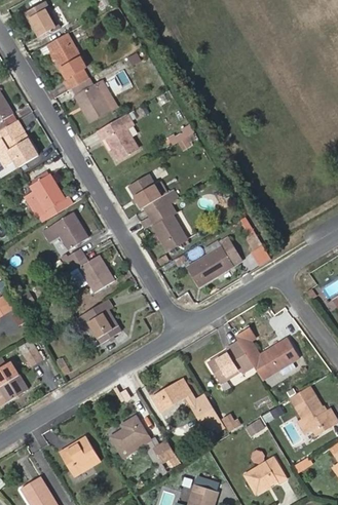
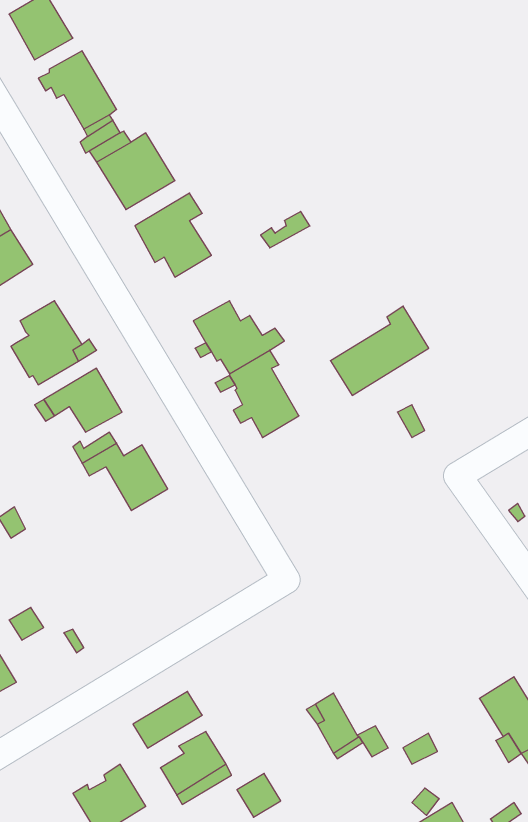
building: [187,236,242,286] -> [330,306,429,395]
building: [83,299,121,343] -> none
building: [259,338,299,376] -> none
building: [208,340,255,383] -> none
building: [152,380,191,412] -> [133,691,202,748]

